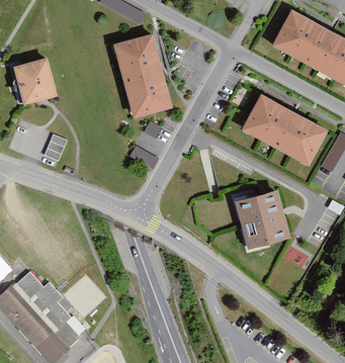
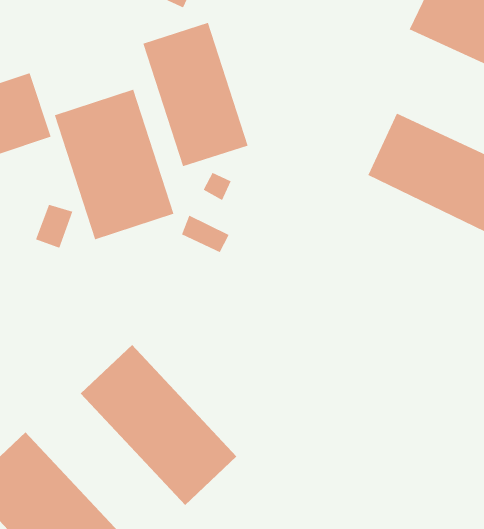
building: none -> [54,89,174,240]
building: [234,190,290,250] -> none
building: none -> [80,344,237,506]

